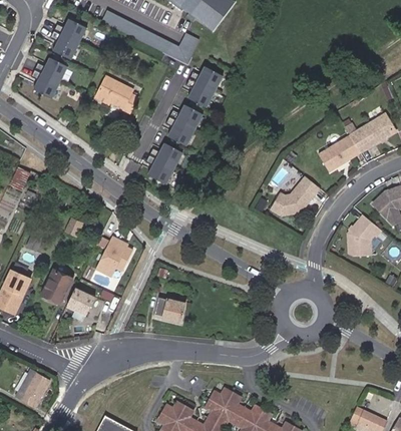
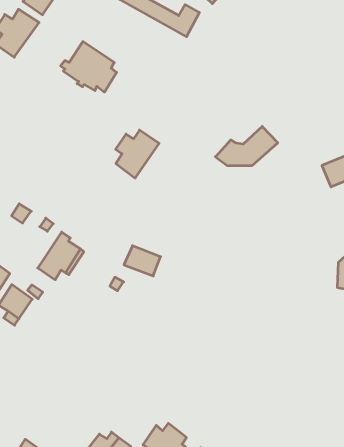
building: [185,66,223,107] -> none
building: [166,105,203,146] -> none
building: [270,176,321,213] -> [215,126,278,166]
building: [154,298,184,321] -> [124,246,161,276]

